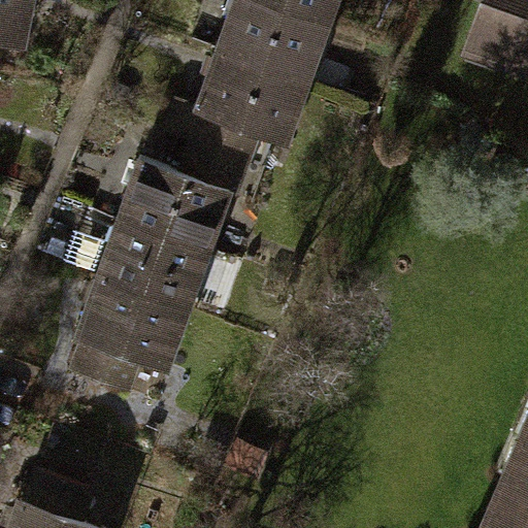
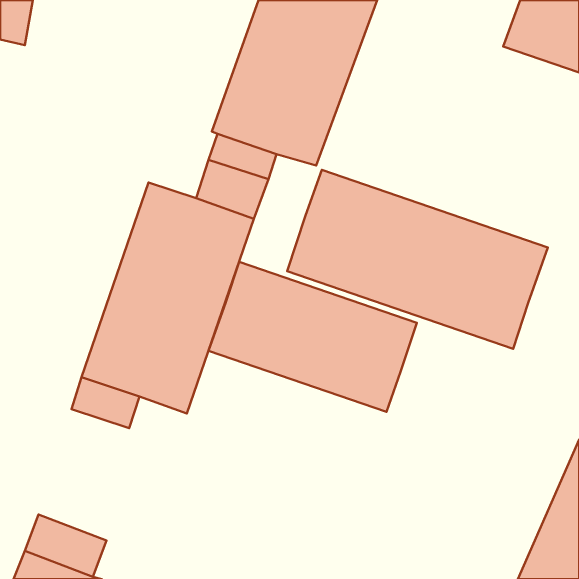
building: none -> [287,170,548,349]
building: none -> [209,262,417,412]

